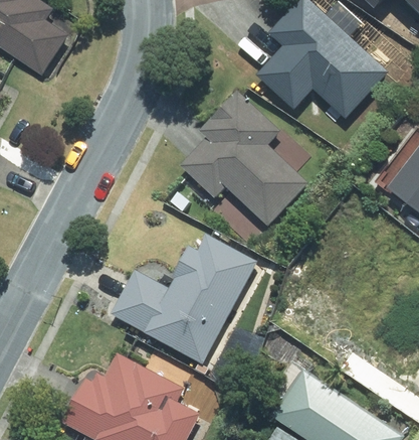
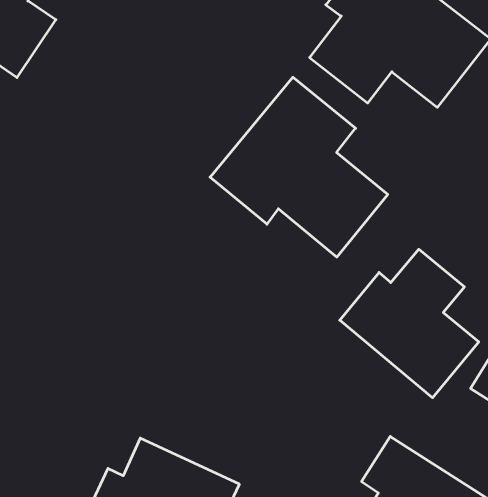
building: none -> [340,249,479,398]
building: [108,232,258,363] -> none

